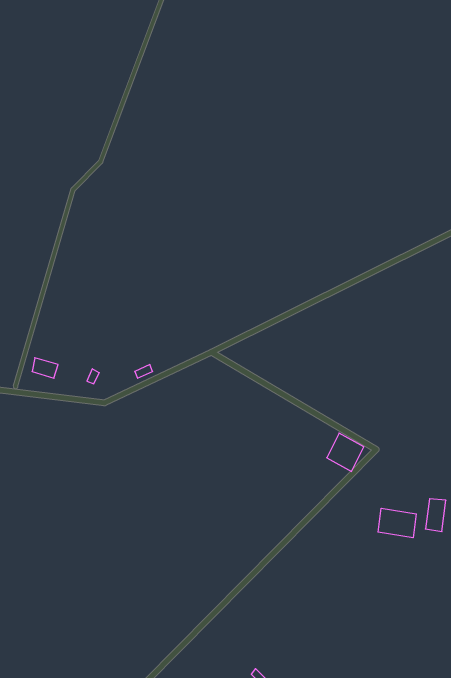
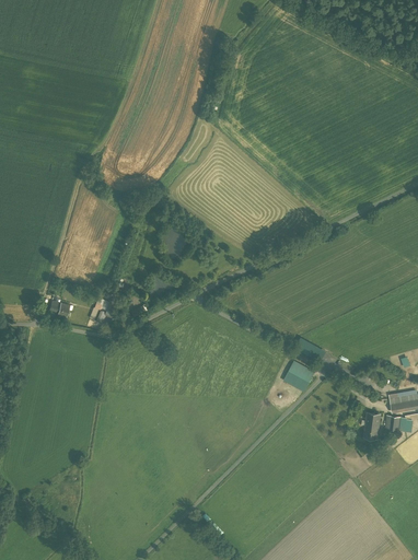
building: [378,508,416,538] -> none

